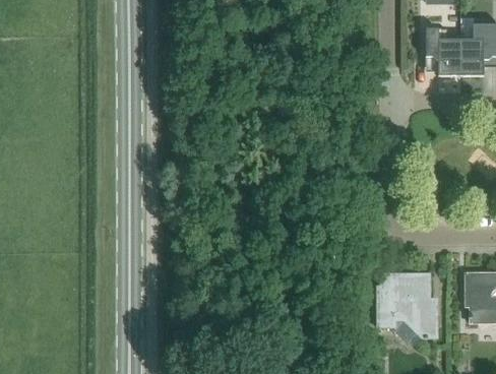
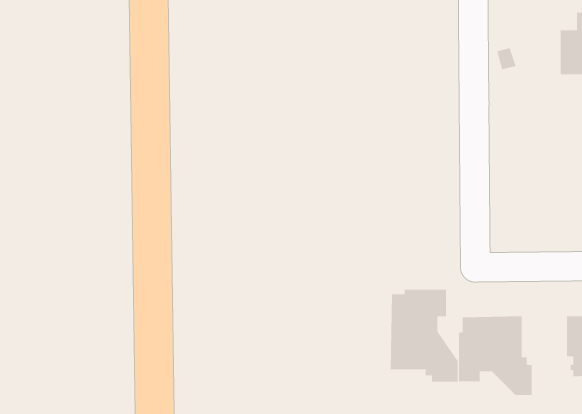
building: [426,28,460,75] -> none
building: none -> [390,289,458,383]

